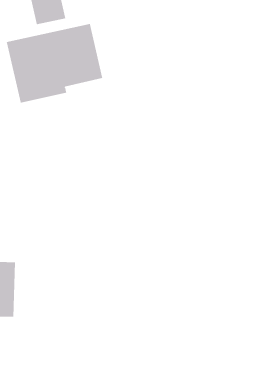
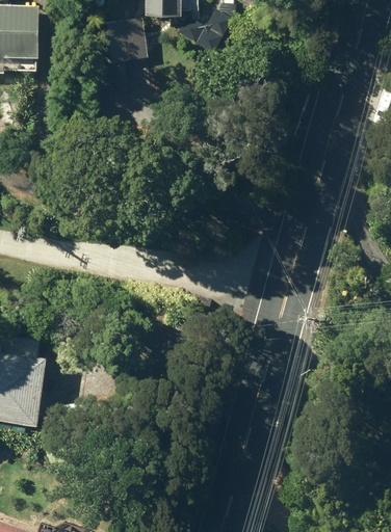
building: [6,23,103,104] -> none

